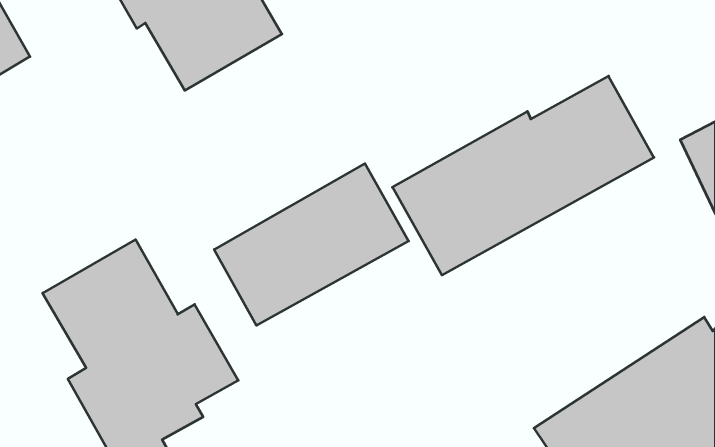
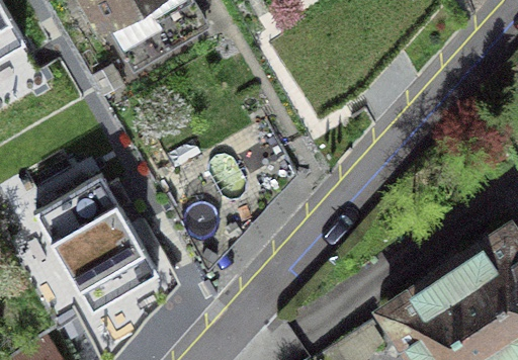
building: [392,76,654,275] -> none

